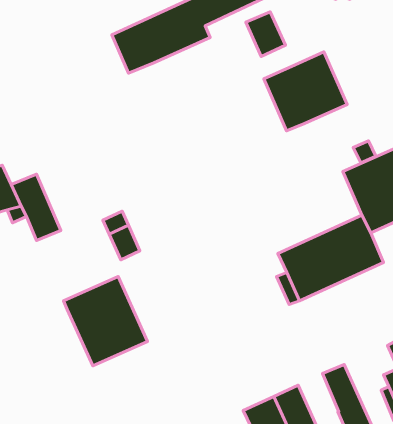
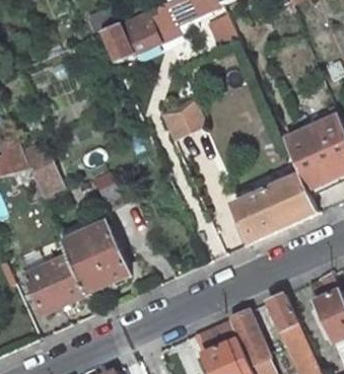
building: [264,52,347,131] -> none
building: none -> [158,96,205,139]
building: none -> [24,249,85,313]

